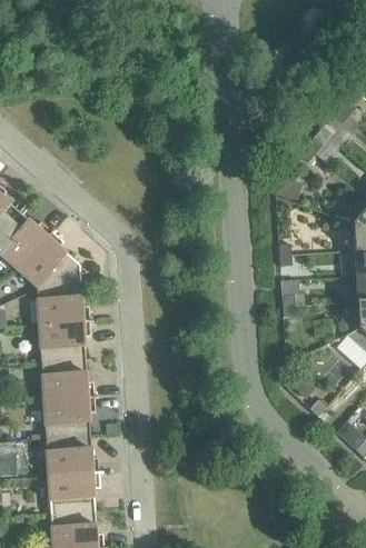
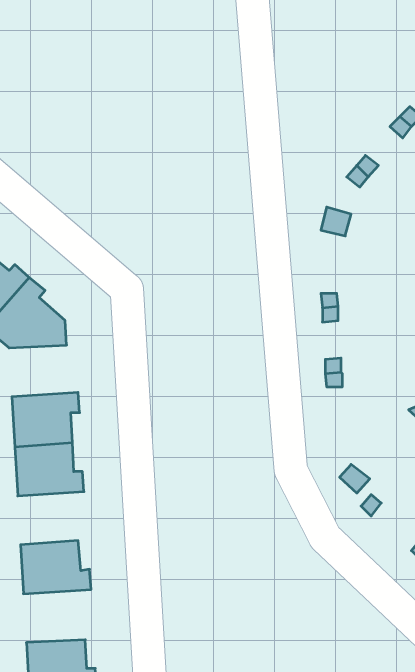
building: [36,283,89,323] -> none
building: [42,397,95,438] -> none
building: [47,472,99,514] -> none

